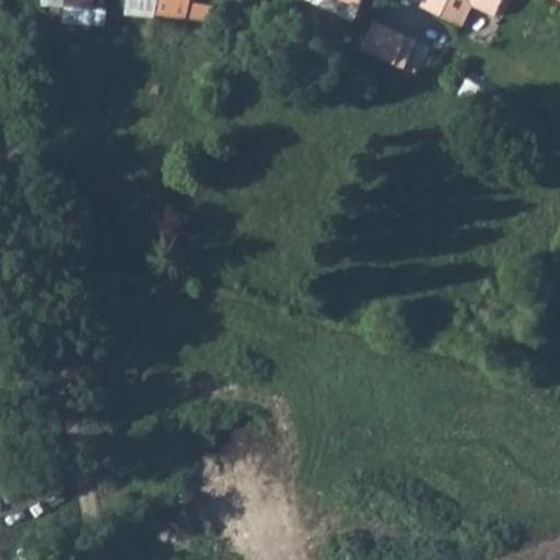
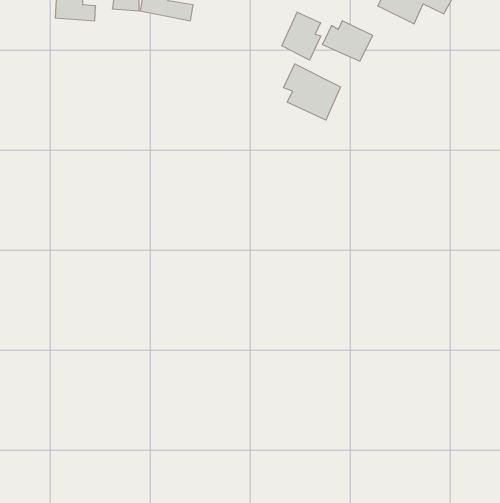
building: none -> [282,12,321,60]
building: none -> [284,64,341,120]

